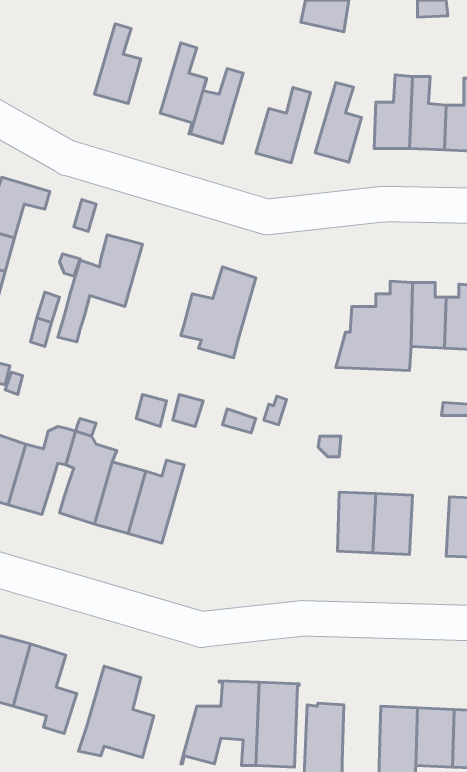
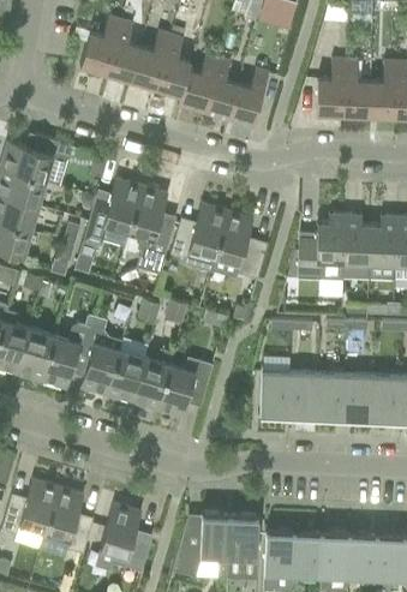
building: none -> [79,17,121,73]
building: none -> [131,31,170,88]
building: [315,82,362,162] -> [202,58,237,118]
building: none -> [128,186,174,274]
building: none -> [214,211,267,280]
building: none -> [156,360,213,418]
building: none -> [257,366,289,417]
building: none -> [342,375,372,420]
building: none -> [292,532,321,576]

